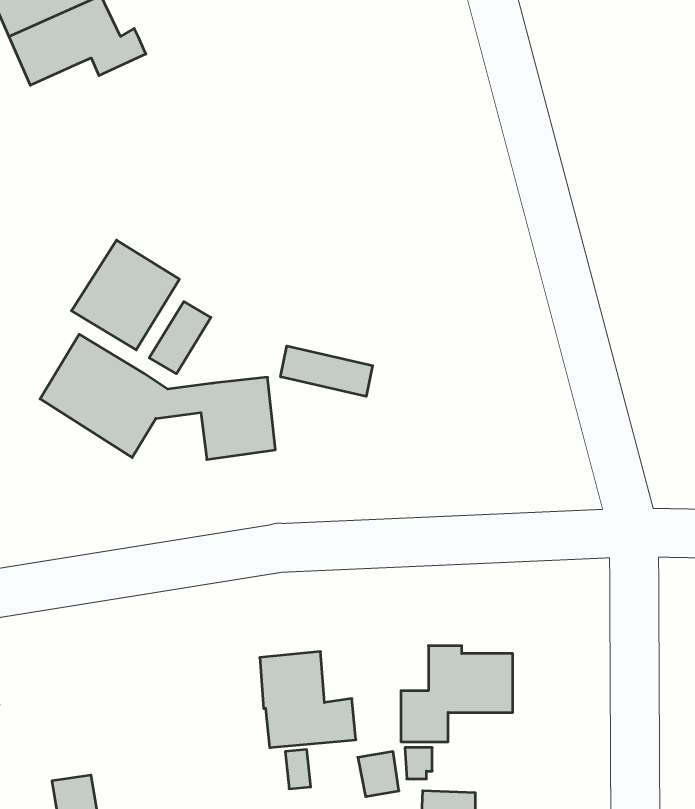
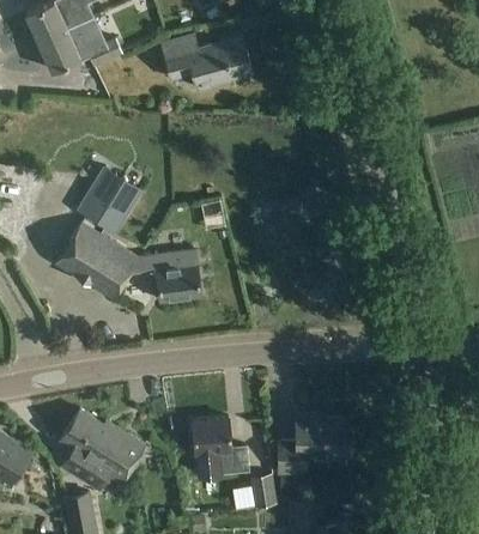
building: none -> [160,36,253,91]
building: [149,302,211,374] -> none
building: [281,346,373,396] -> none
building: none -> [61,408,145,483]

